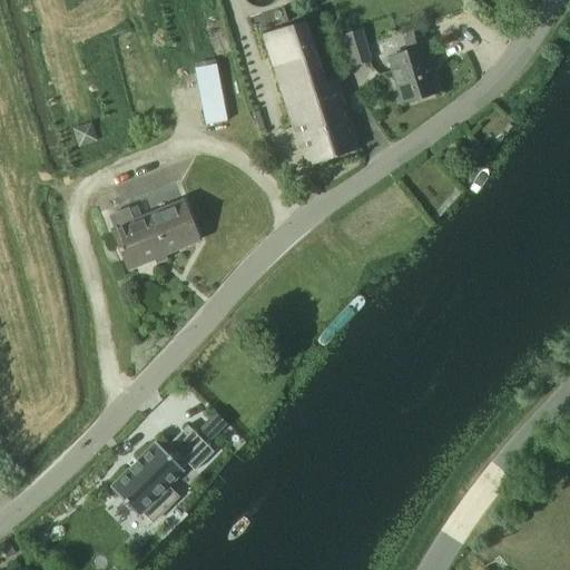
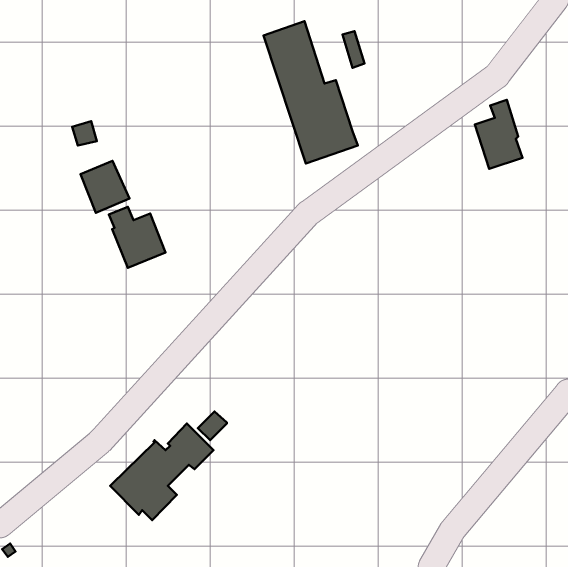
building: [389,32,436,101] -> [475,100,523,169]
building: [195,62,227,124] -> none
building: [150,200,199,253] -> [80,161,129,213]

